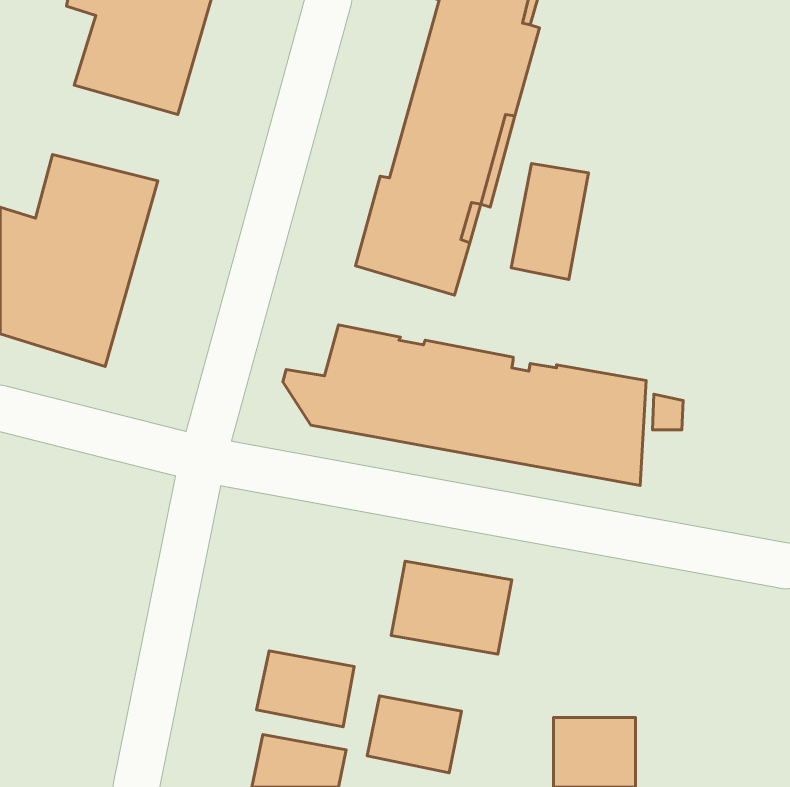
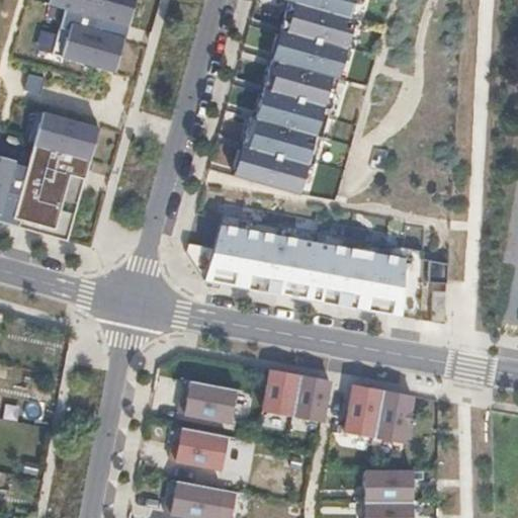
building: [511,163,588,280] -> none
building: none -> [340,381,418,448]
building: [367,696,461,773] -> [178,379,240,430]

